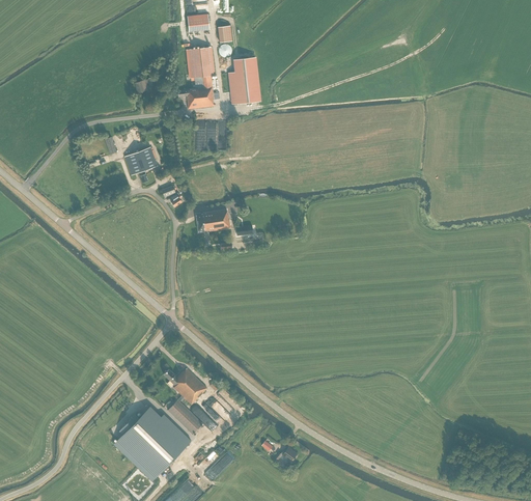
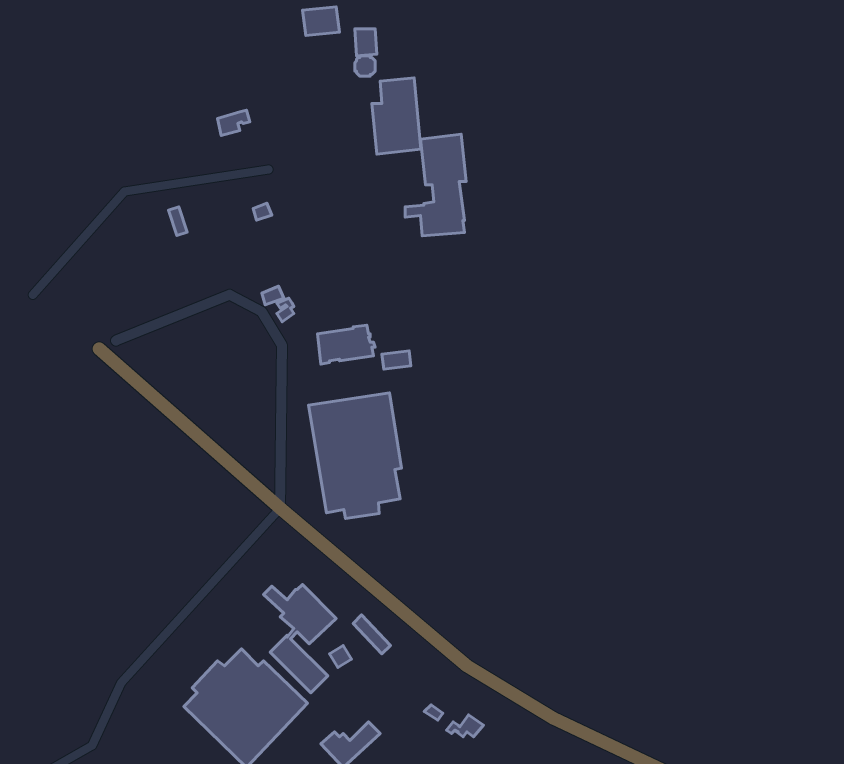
building: [177,46,215,108] -> [405,134,466,236]
building: [124,146,157,182] -> none
building: none -> [309,393,401,518]

